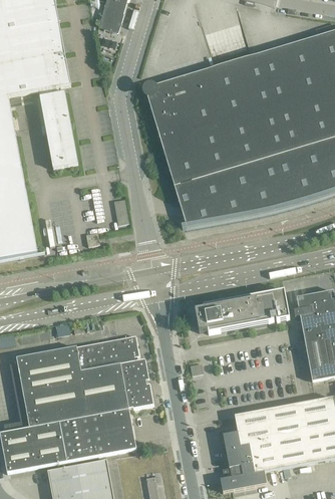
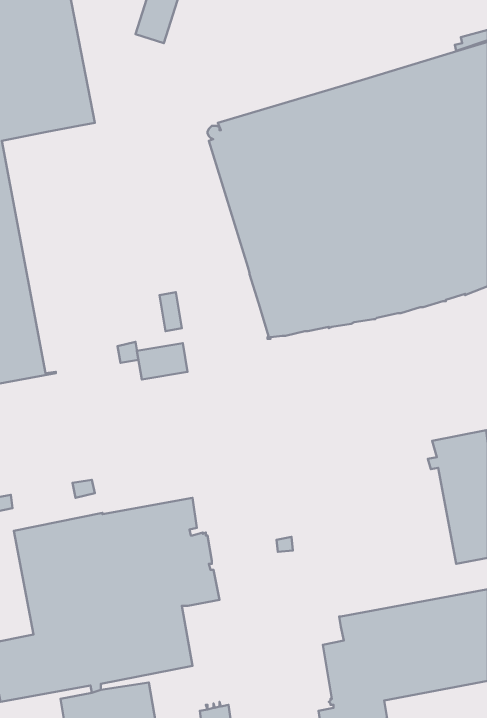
building: [38,86,77,168] -> none
building: none -> [137,343,188,379]
building: [191,289,289,332] -> none

